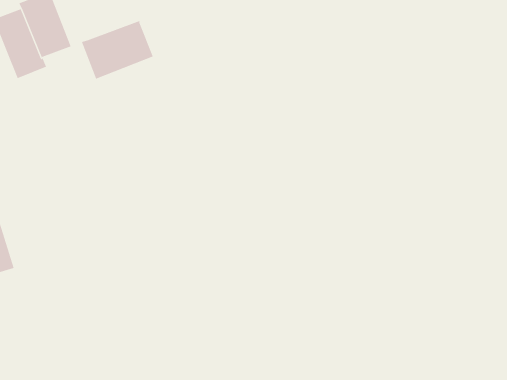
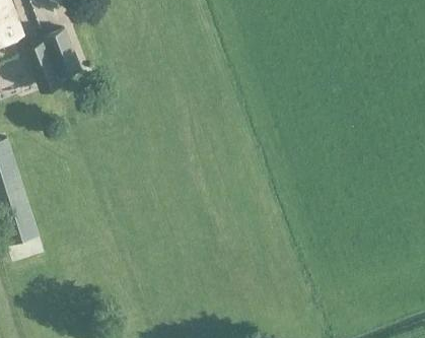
building: [81,20,154,80] -> none

